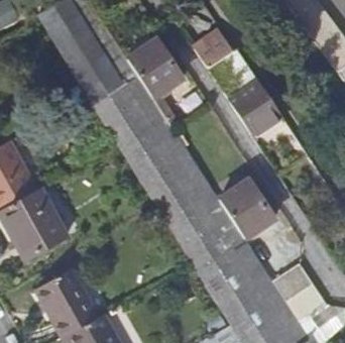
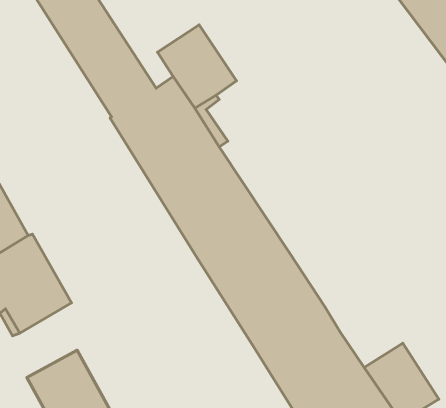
building: [196,34,238,69] -> none
building: [232,84,282,135] -> none
building: [220,181,274,238] -> none

